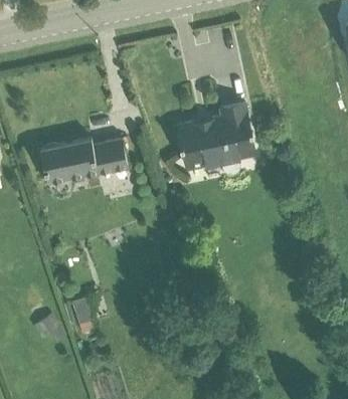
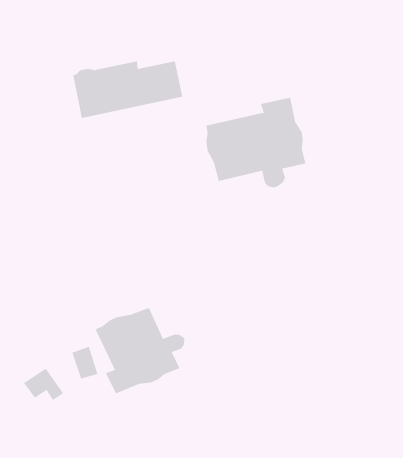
building: [45,138,133,183] -> [72,61,183,118]
building: none -> [95,307,185,394]

